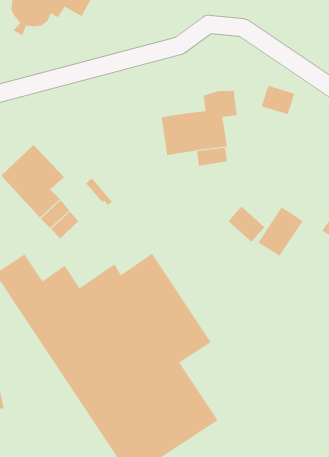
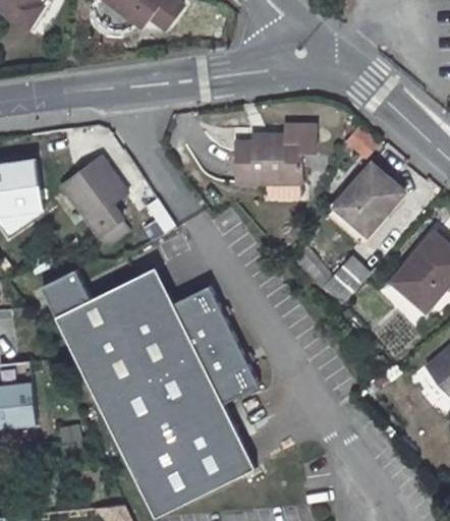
building: none -> [331,162,401,234]
building: none -> [116,266,168,310]

